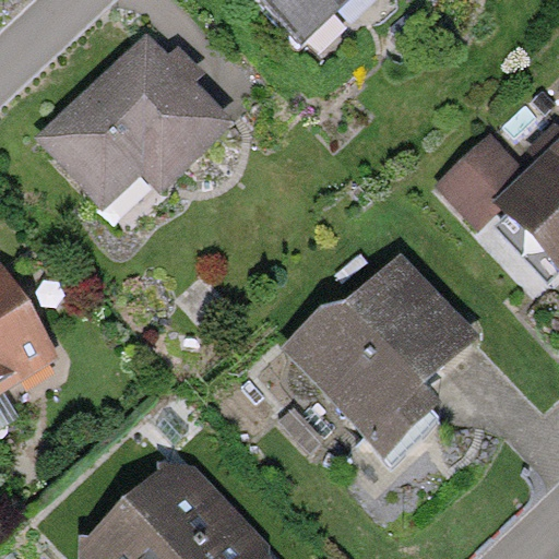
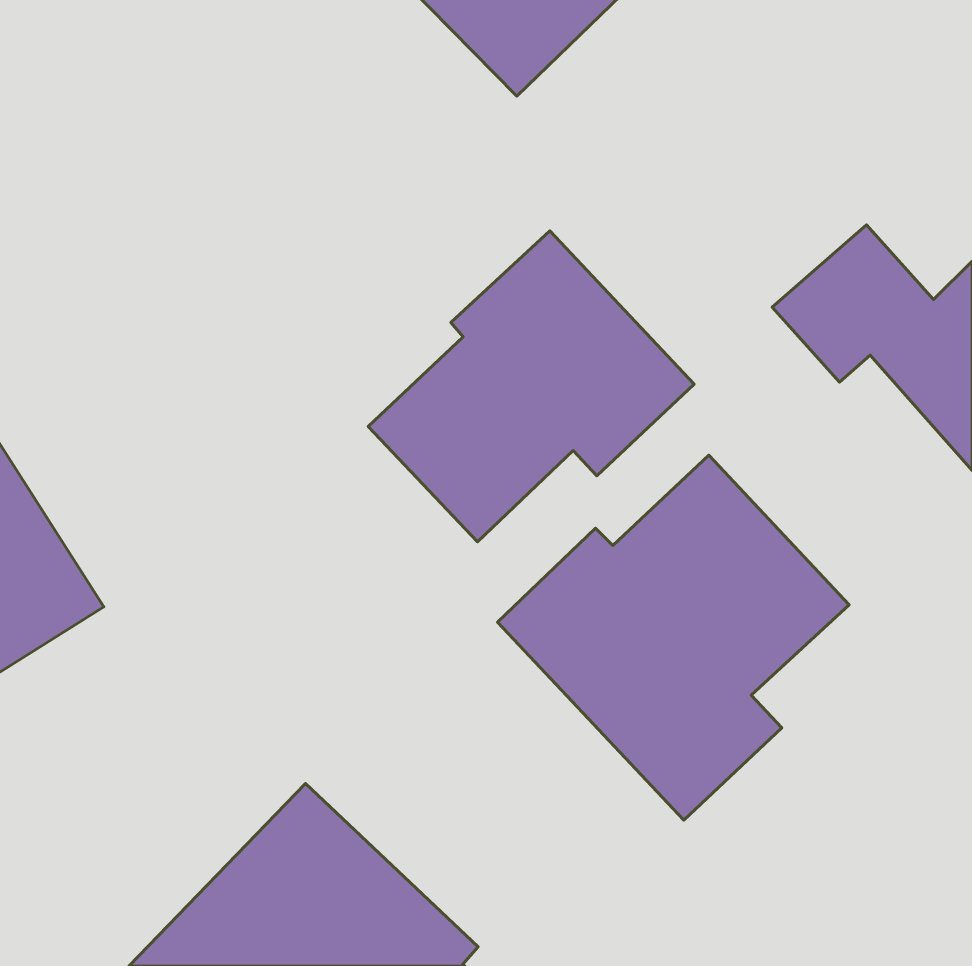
building: [35,48,224,236] -> none
building: none -> [368,231,694,542]

